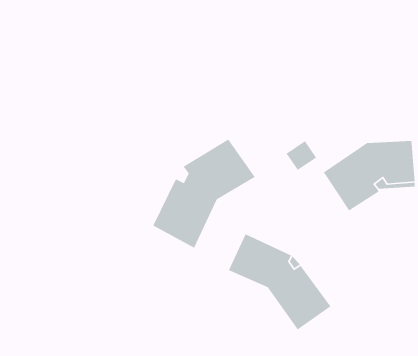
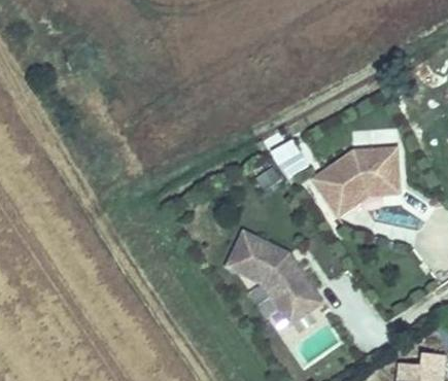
building: [152,138,256,249] -> none

